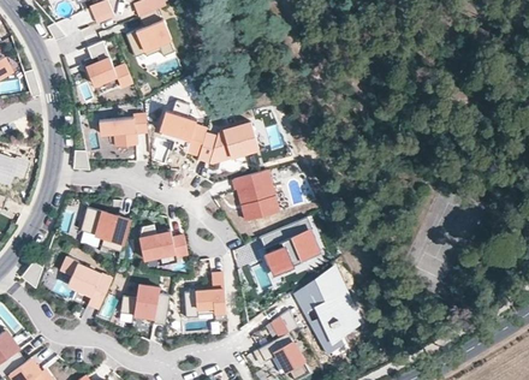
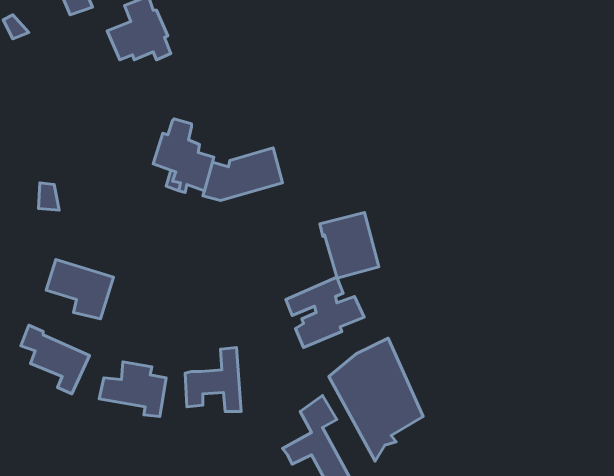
building: [85,41,132,87] -> none
building: [99,113,147,147] -> none
building: [233,171,278,220] -> [320,213,379,278]
building: [138,224,188,259] -> none

